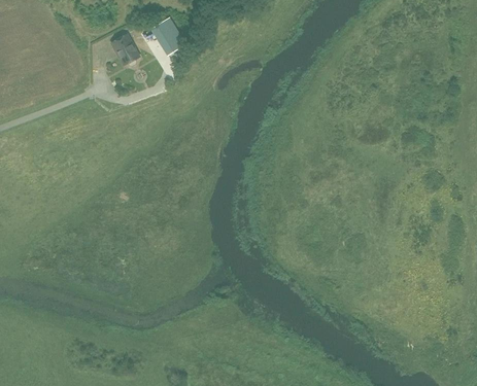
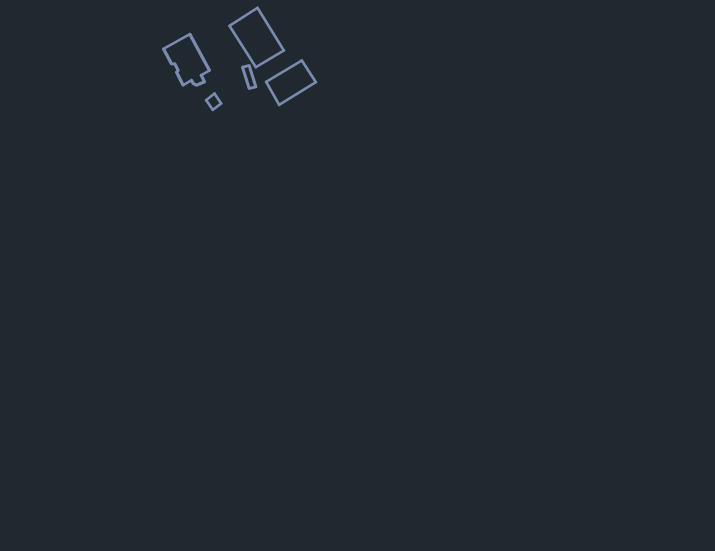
building: none -> [266,61,316,105]

